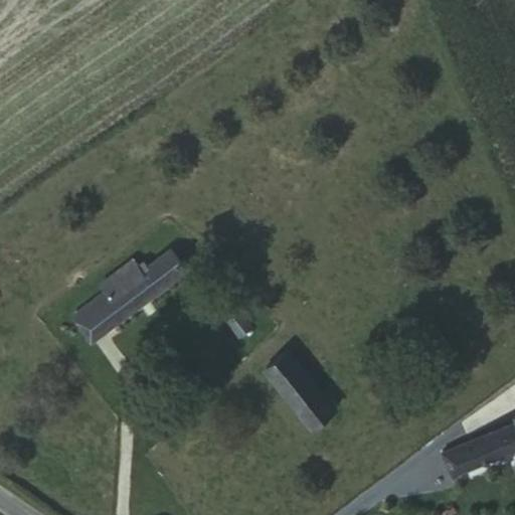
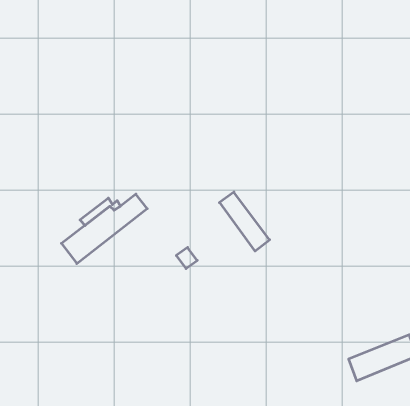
building: [267,357,329,431] -> [219,192,270,251]

